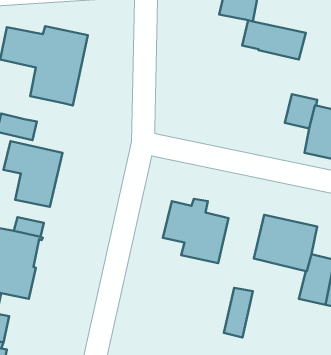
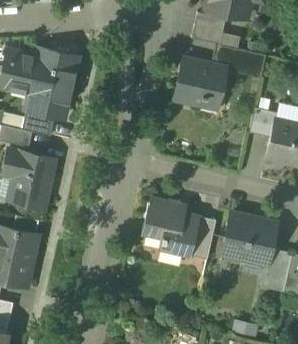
building: none -> [175,59,226,105]
building: none -> [22,110,56,136]
building: [224,288,253,337] -> [191,217,216,260]

